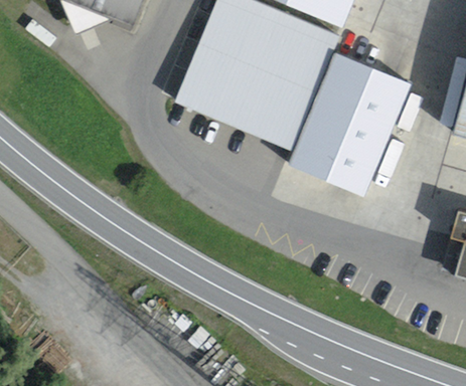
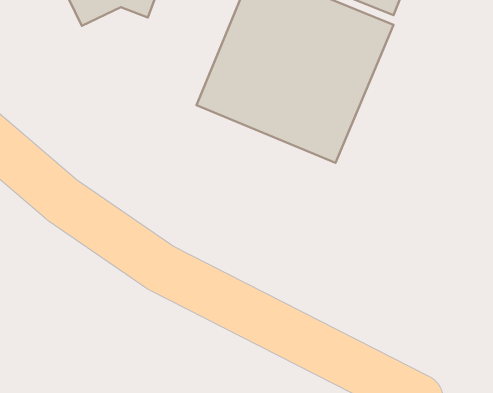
building: [288,50,411,195] -> none

